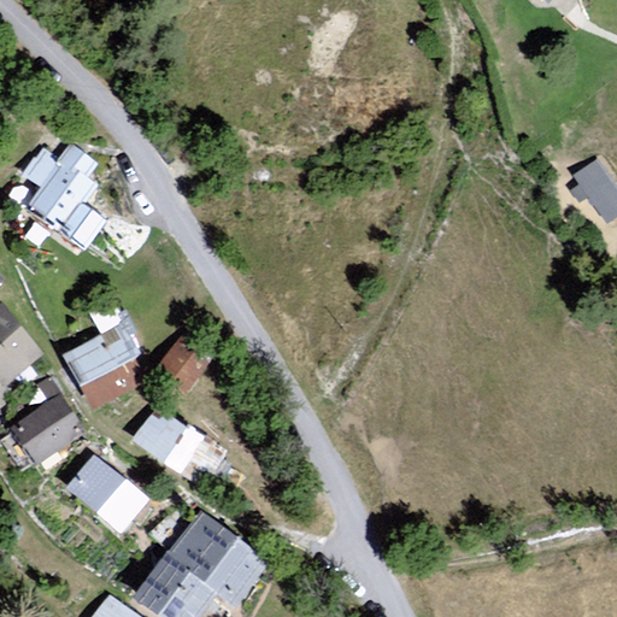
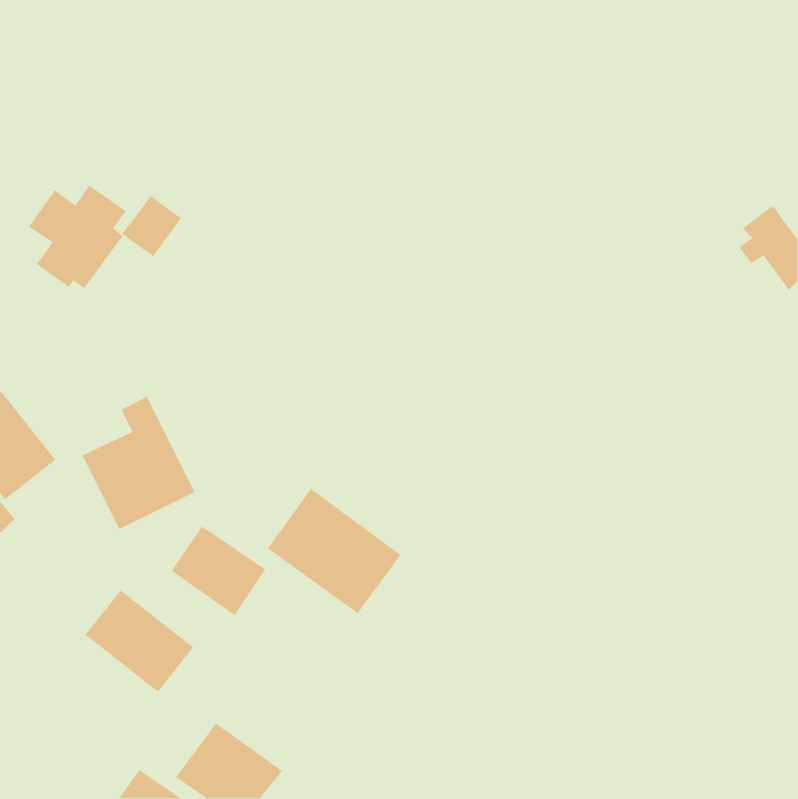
building: [58,201,105,249] -> [121,195,182,257]
building: [157,339,208,389] -> none
building: [10,394,86,465] -> none
building: [166,510,270,607] -> [267,488,401,614]

